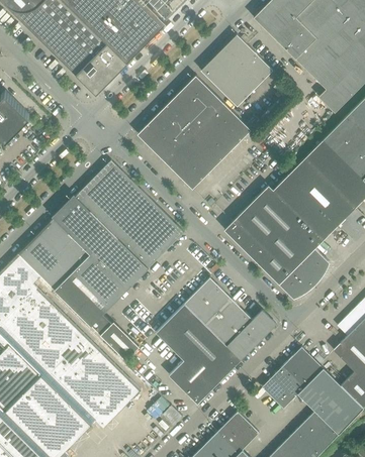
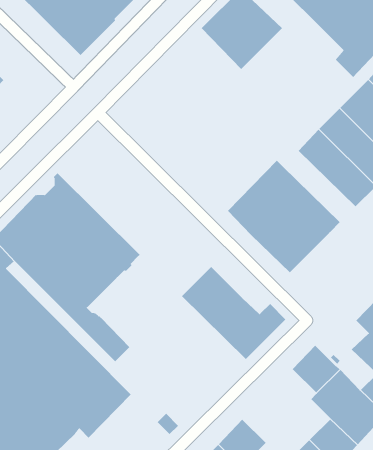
building: [145,77,251,190] -> none
building: [76,161,184,268] -> none
building: [273,178,337,240] -> none
building: [279,249,330,299] -> none
building: [156,305,241,404] -> none
building: [262,368,302,409] -> none

